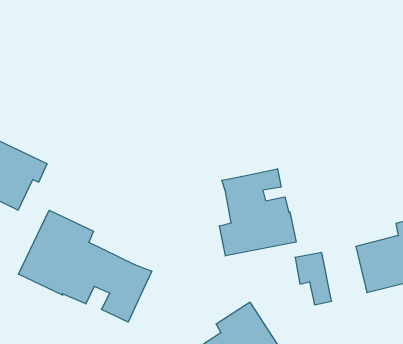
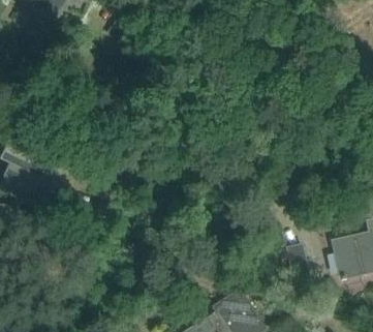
building: [219,169,296,256] -> none
building: [18,210,152,322] -> none

